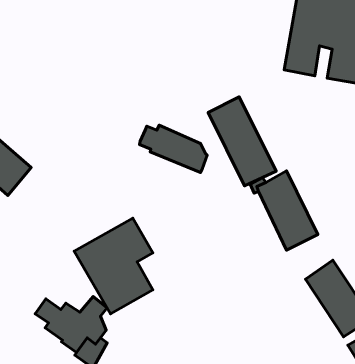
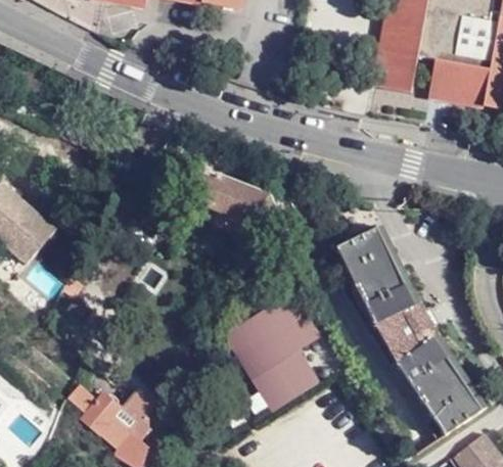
building: [208,97,276,186] -> none
building: [74,218,153,314] -> [223,292,320,411]
building: none -> [375,306,432,361]

